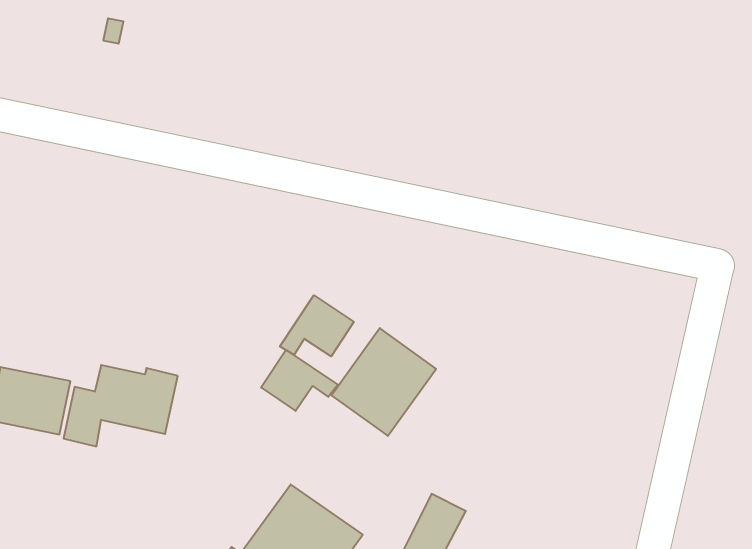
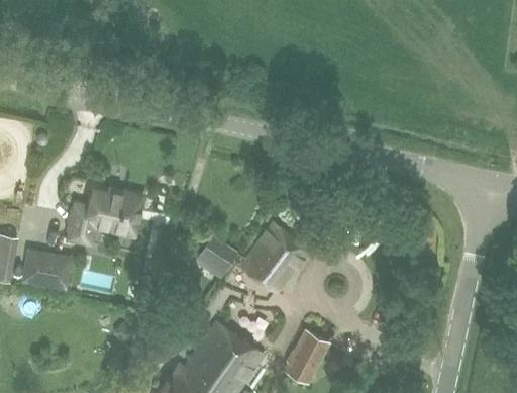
building: [280,295,354,356] -> none
building: [64,365,178,446] -> [69,188,142,240]

